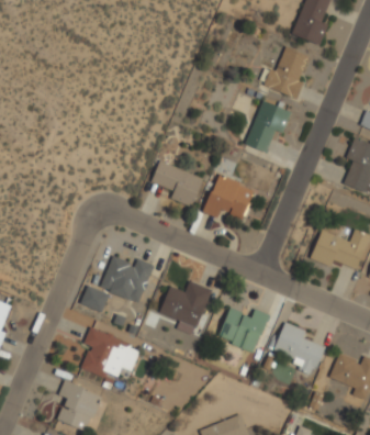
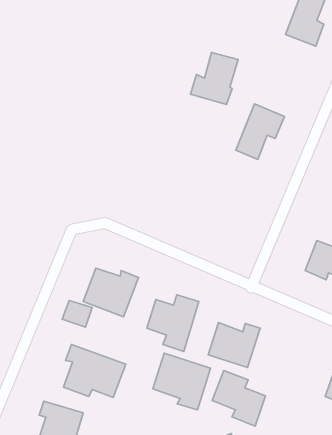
building: [264,47,309,97] -> [191,53,238,105]
building: [150,160,203,207] -> none
building: [203,175,254,219] -> none
building: [273,322,324,375] -> [212,371,266,426]
building: none -> [153,353,210,410]

